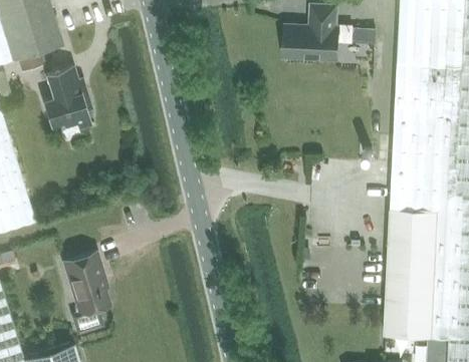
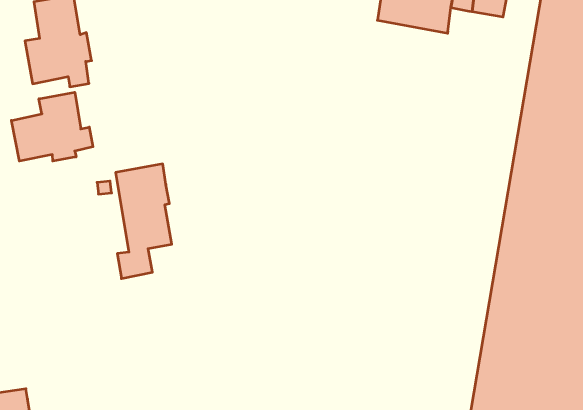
building: none -> [11,92,93,161]
building: [63,250,108,333] -> [116,164,172,279]

